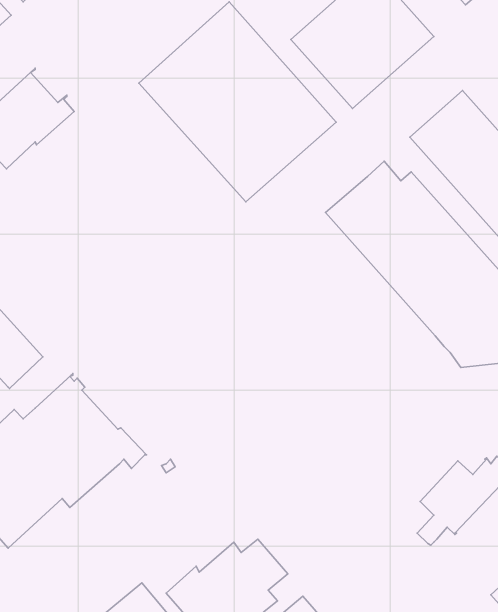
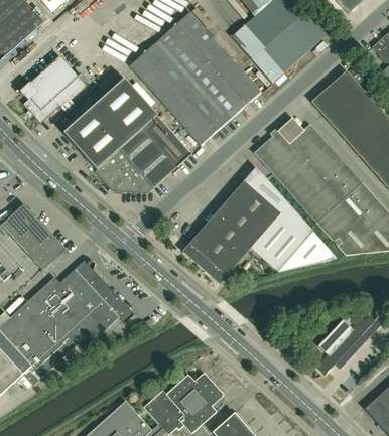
building: none -> [63,79,191,191]
building: none -> [182,167,337,283]

